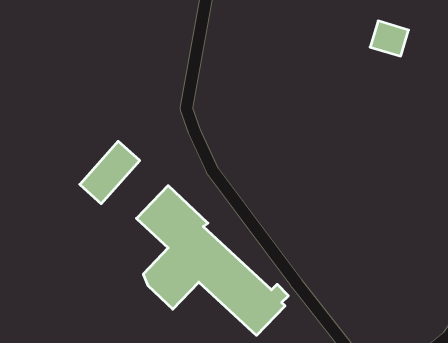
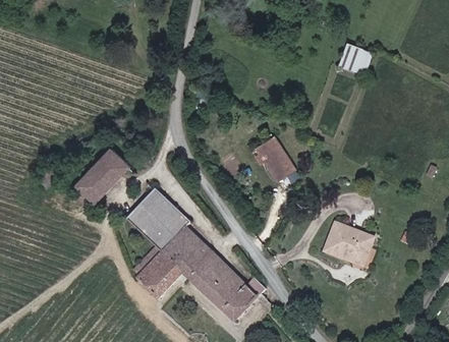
building: none -> [252,136,292,180]
building: none -> [326,225,371,265]

